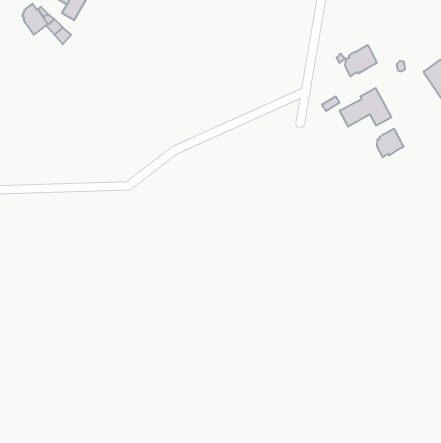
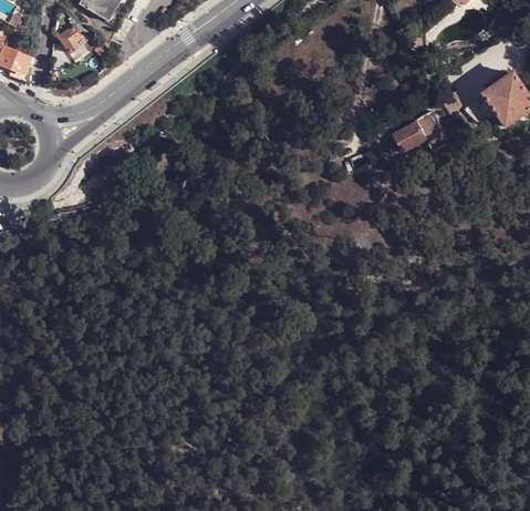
building: [345,45,377,76] -> none
building: [377,129,404,157] -> none

